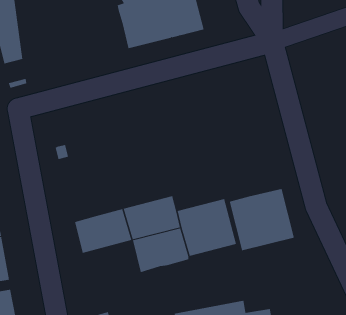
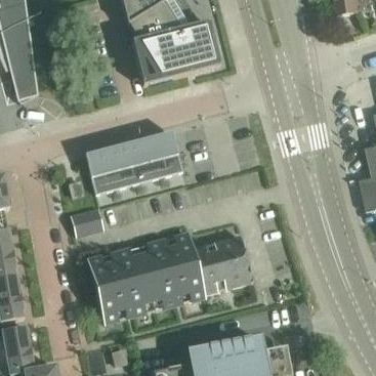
building: none -> [85,130,182,193]
building: none -> [70,207,103,235]
building: [229,188,295,251] -> none
building: none -> [96,277,155,323]

